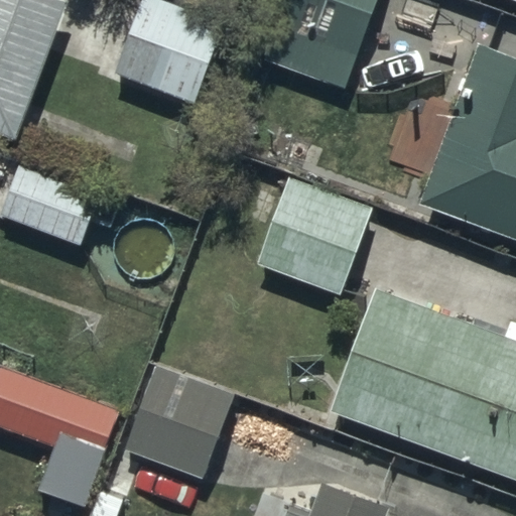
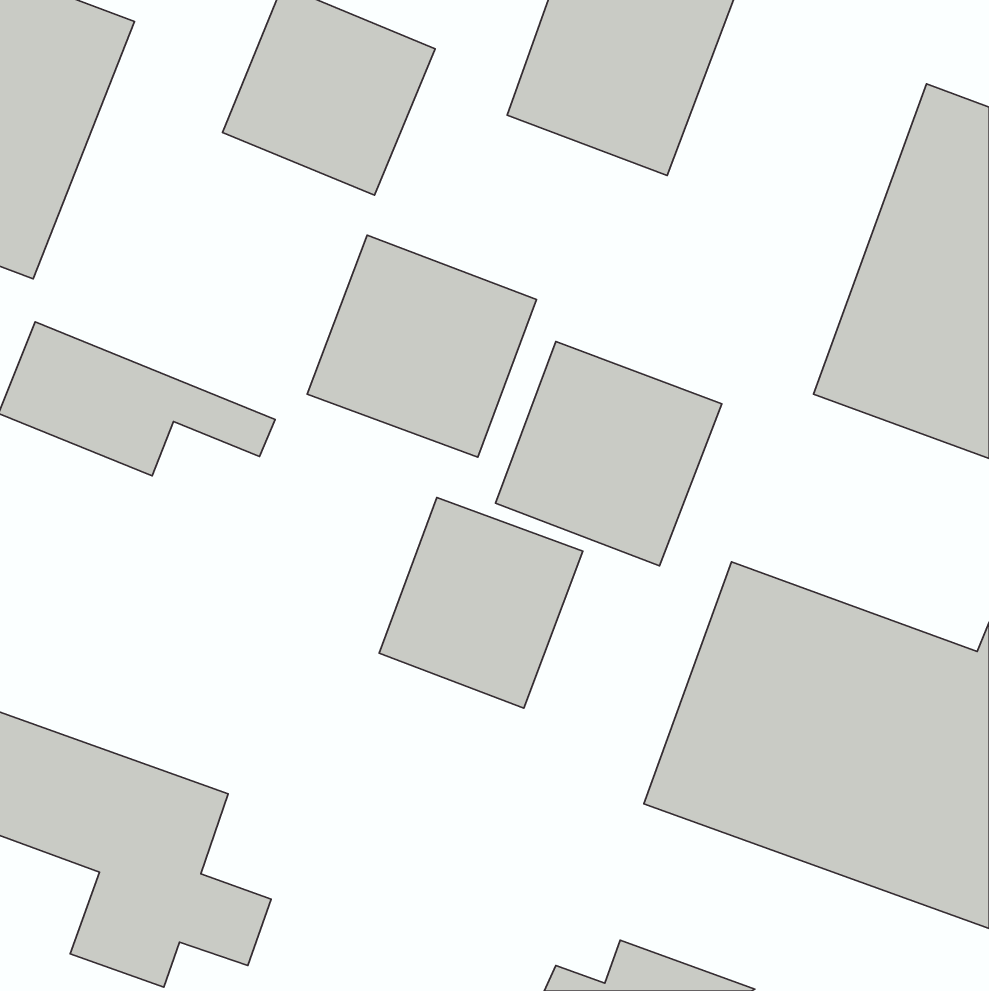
building: none -> [307,235,536,457]
building: none -> [379,498,583,708]
building: [122,365,233,478] -> none

